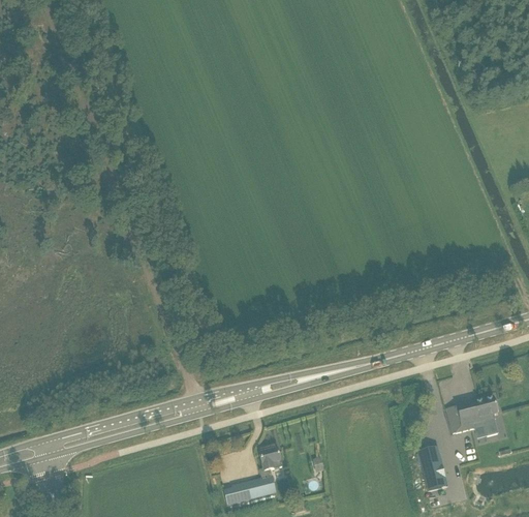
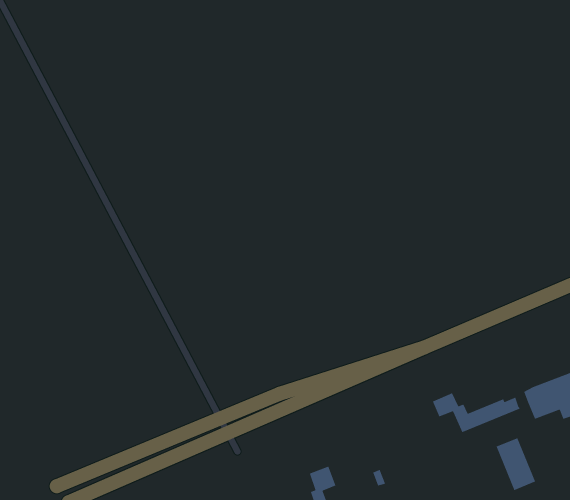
building: none -> [432,392,521,433]

